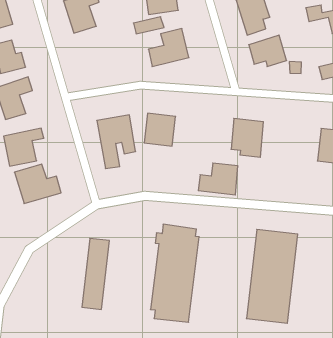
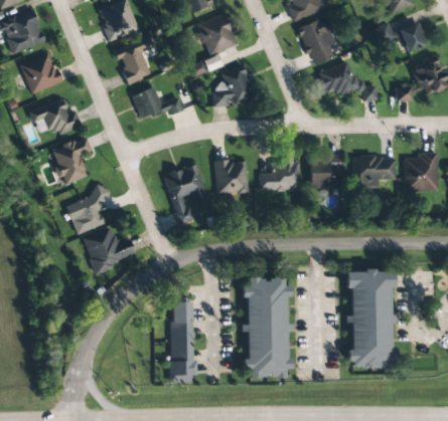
building: none -> [132,86,182,122]
building: none -> [353,156,396,188]
building: [198,163,238,195] -> [261,159,301,190]

